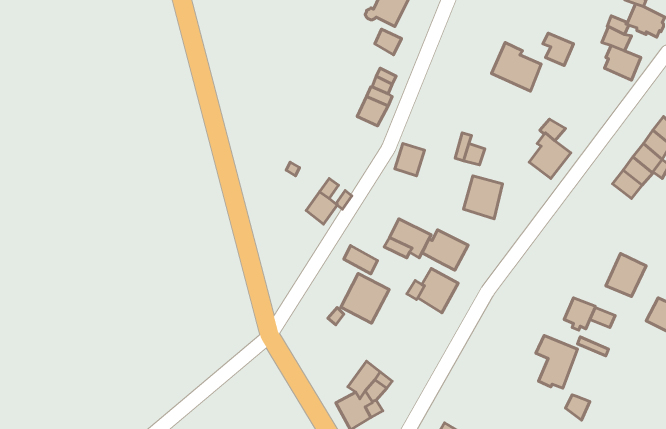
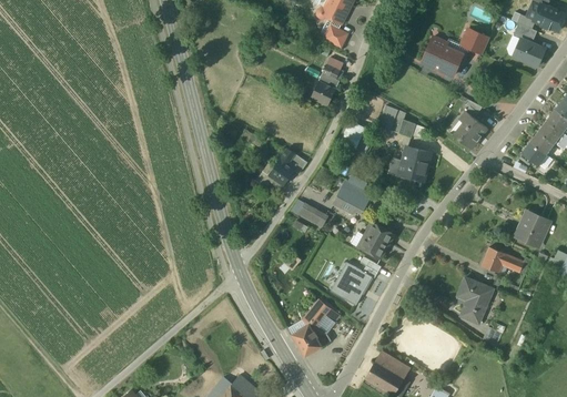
building: [422,230,468,270] -> none
building: [341,273,389,323] -> [332,264,372,305]

